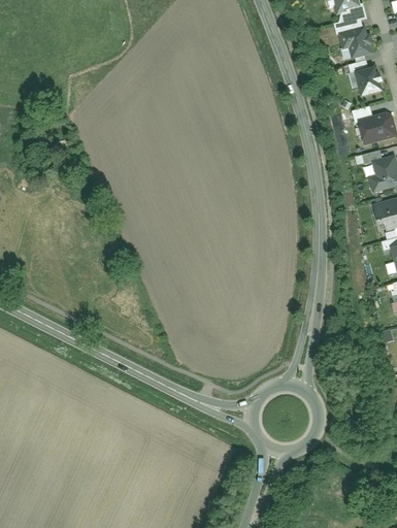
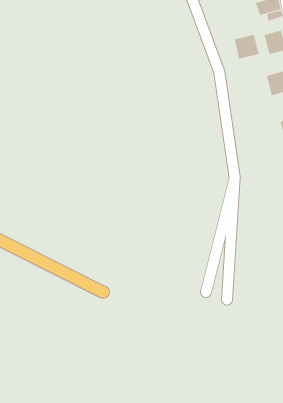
building: none -> [234,34,259,60]

